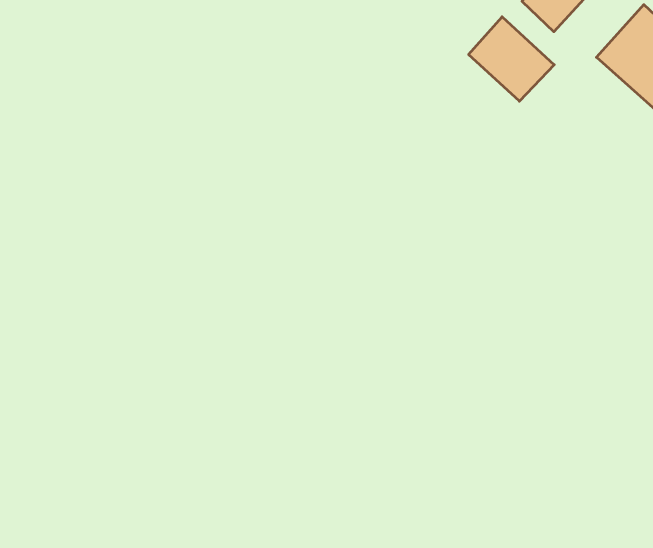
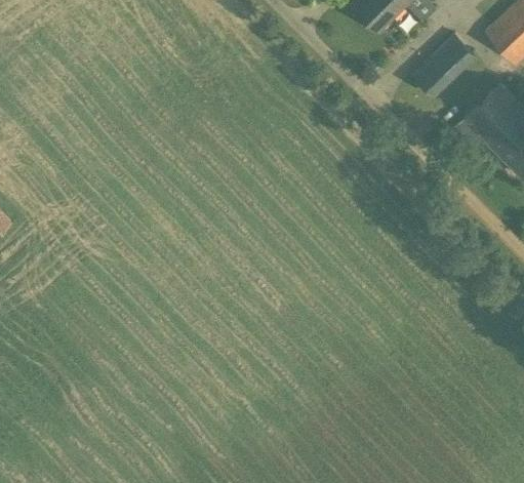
building: [469,17,554,101] -> none

